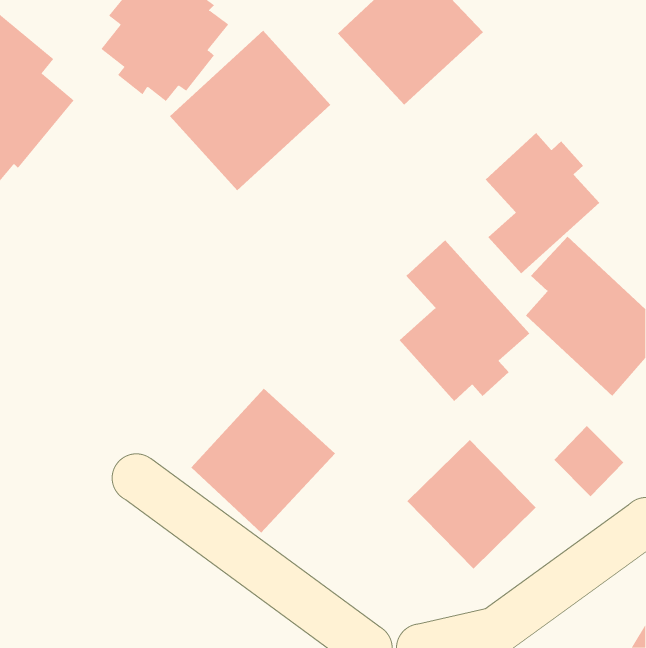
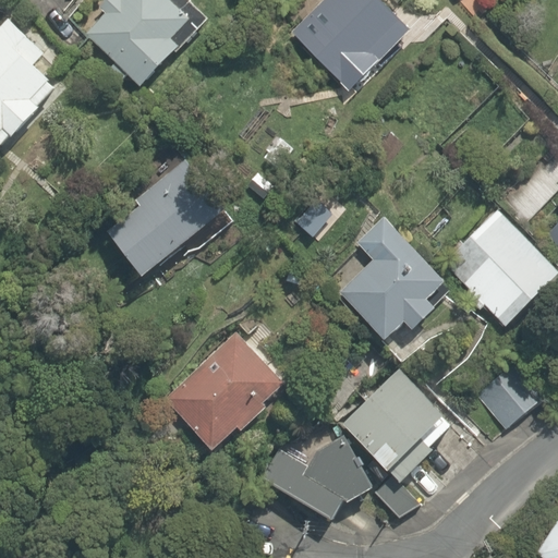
building: [169,30,331,191] -> [98,147,235,283]
building: [485,132,600,274] -> none
building: none -> [262,430,378,527]

